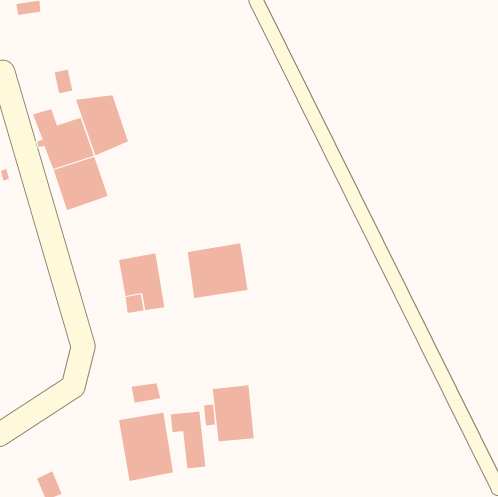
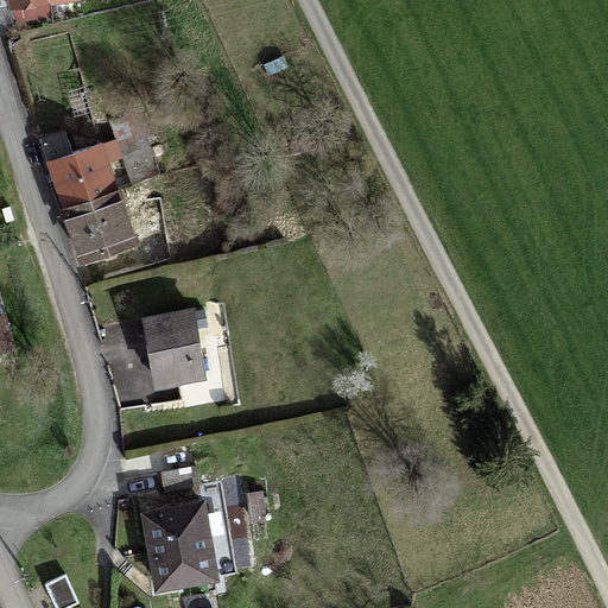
building: [187,242,248,299] -> none
building: [212,385,254,442] -> none

